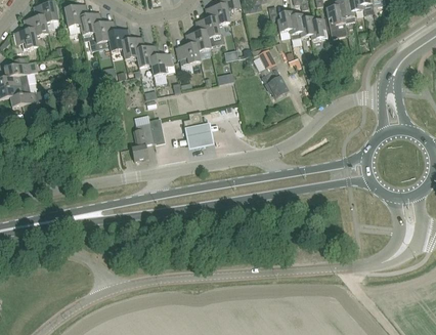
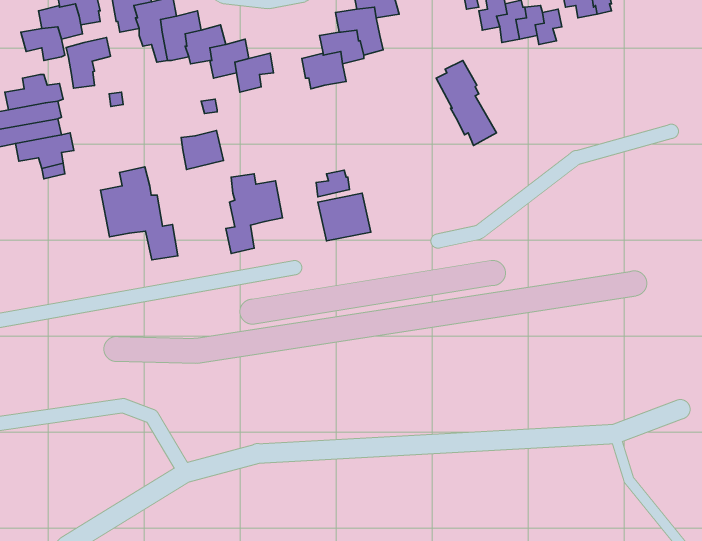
building: none -> [66,38,110,88]
building: [150,52,175,75] -> [181,131,224,169]
building: none -> [101,167,178,260]

